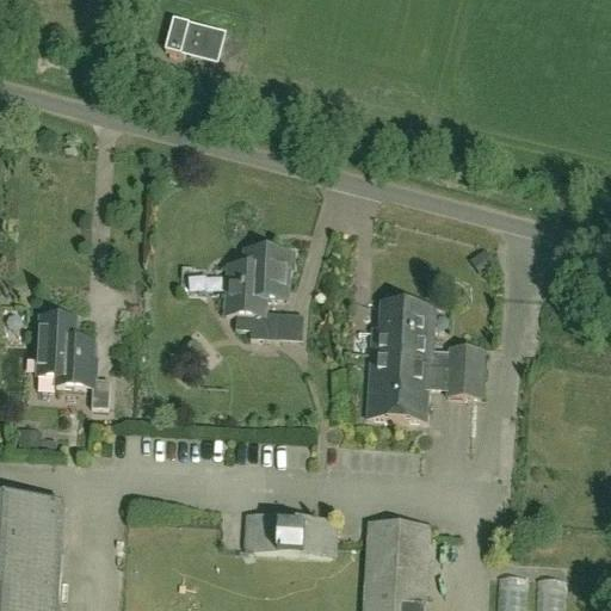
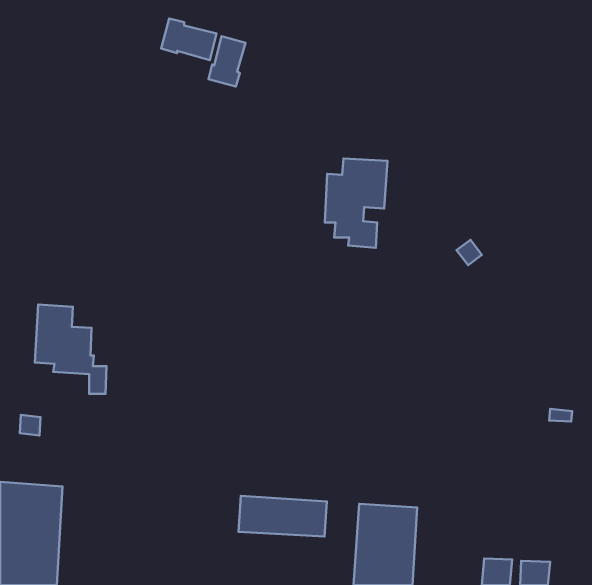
building: none -> [209,36,245,86]
building: [227,246,291,338] -> [325,159,387,248]
building: [368,301,483,419] -> none

